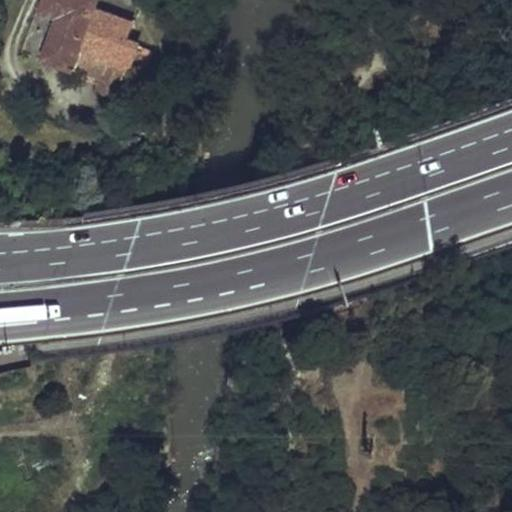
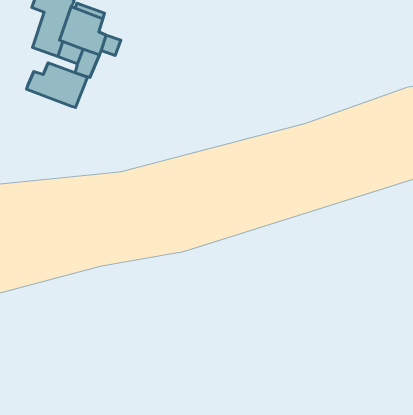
building: none -> [27,63,88,107]

